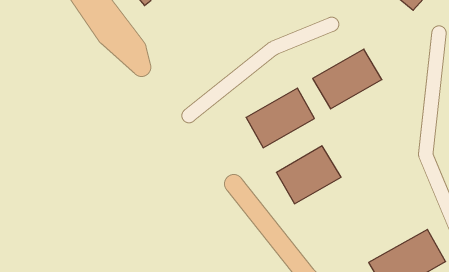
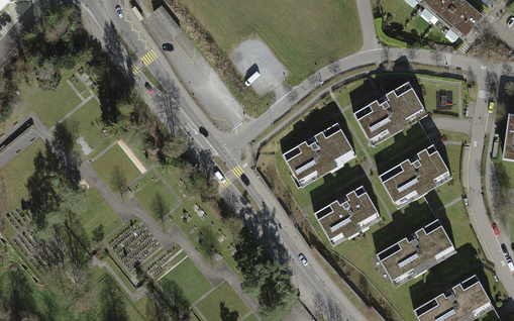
building: none -> [379,144,452,209]
building: none -> [377,218,456,287]

